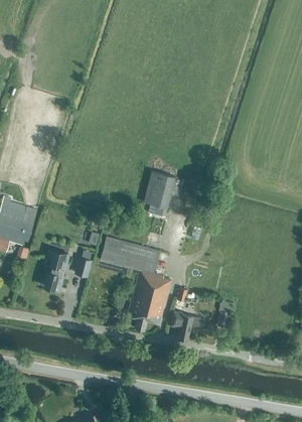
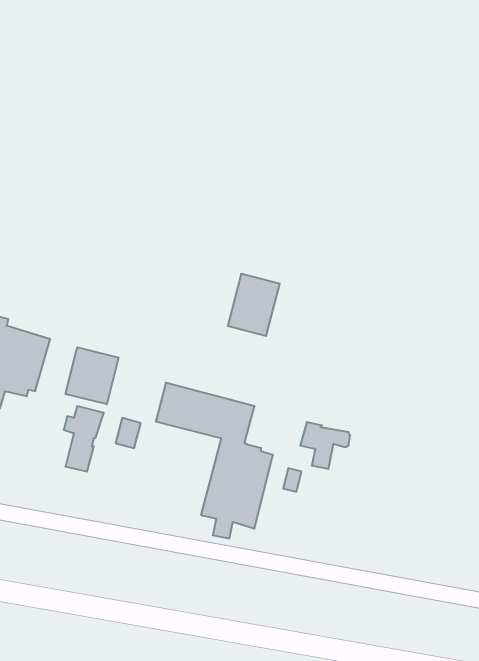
building: none -> [65,347,118,404]
building: [170,311,200,339] -> [300,422,350,469]

